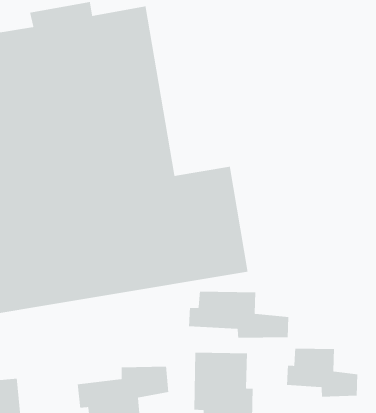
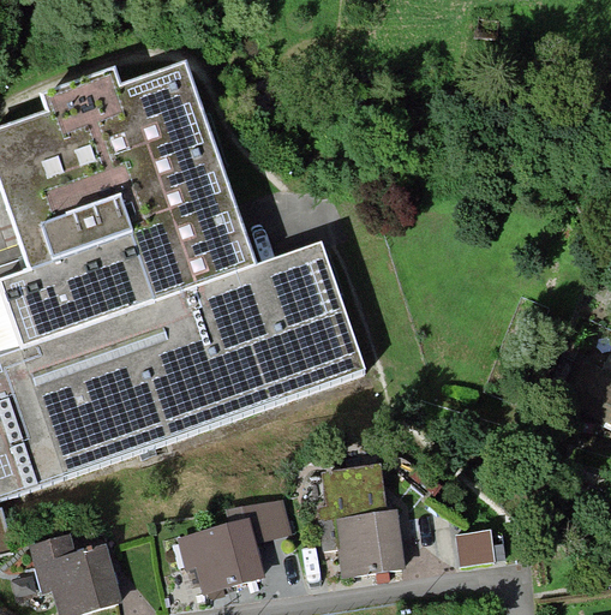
building: [188,291,289,339] -> none
building: [286,348,358,397] -> none

